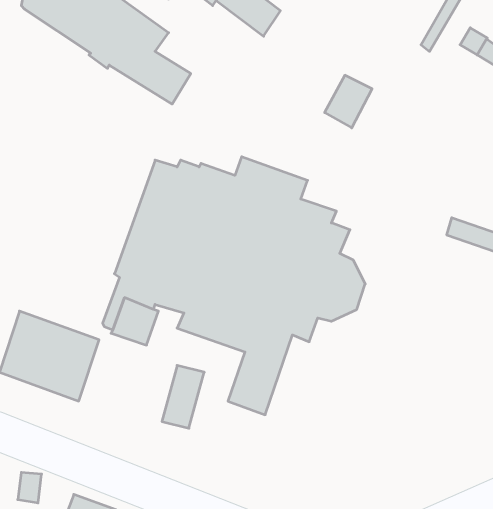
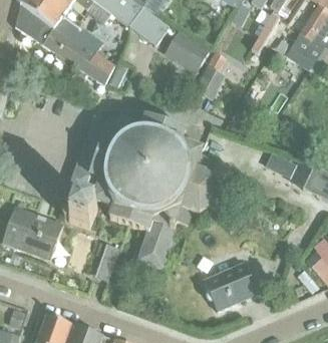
building: none -> [162,31,209,72]
building: none -> [204,263,257,311]

